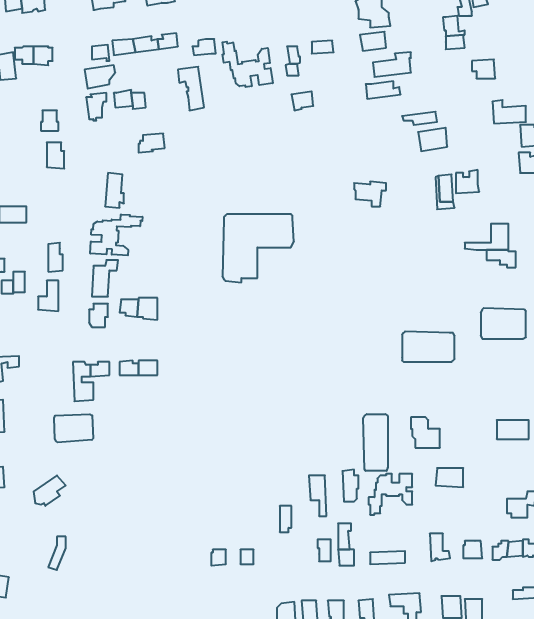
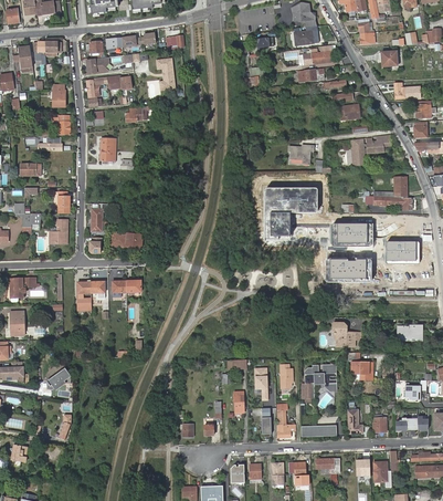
building: [222,42,273,87] -> none
building: [222,214,294,282] -> [264,187,318,239]
building: [90,214,142,255] -> none
building: none -> [333,222,372,246]
building: [363,414,388,471] -> none
building: [54,414,93,442] -> none

